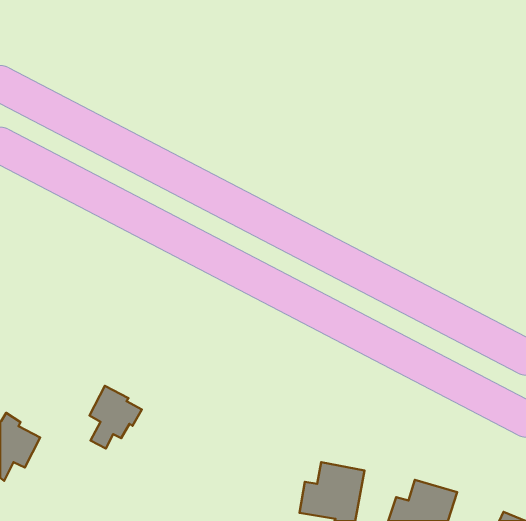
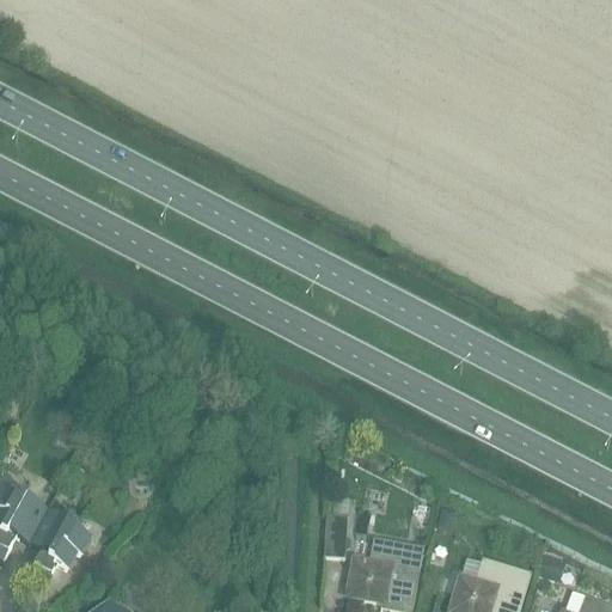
building: [89,386,142,449] -> [29,508,90,581]
building: none -> [324,514,347,557]

